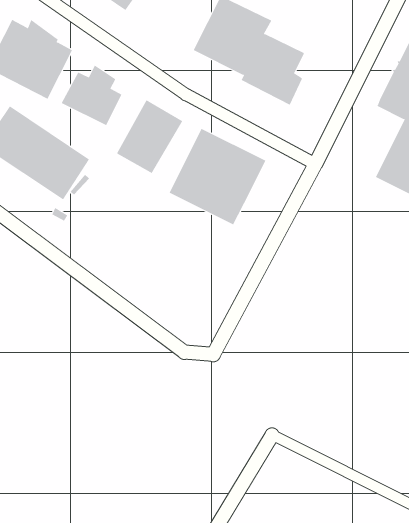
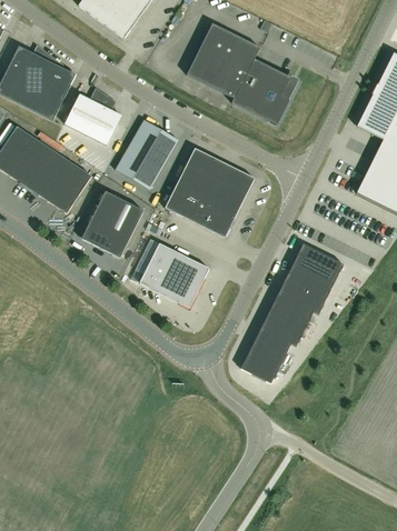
building: none -> [81,191,143,258]
building: none -> [136,236,206,301]
building: none -> [240,243,343,383]

